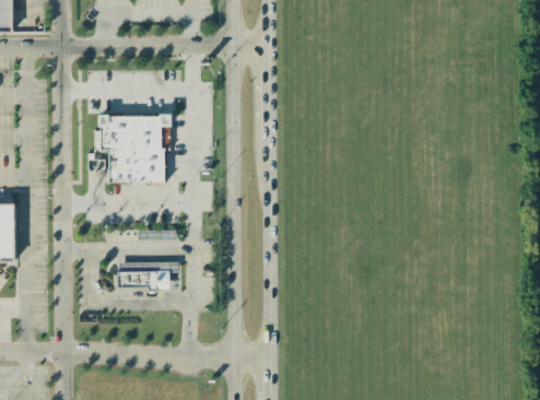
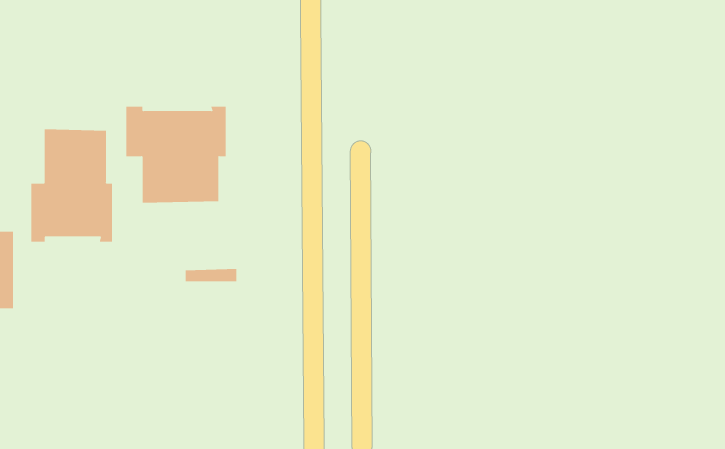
building: none -> [31,128,112,243]
building: [118,262,179,290] -> none

